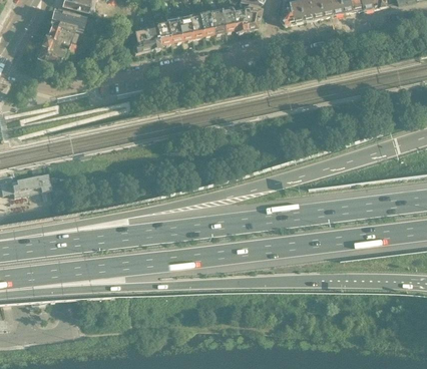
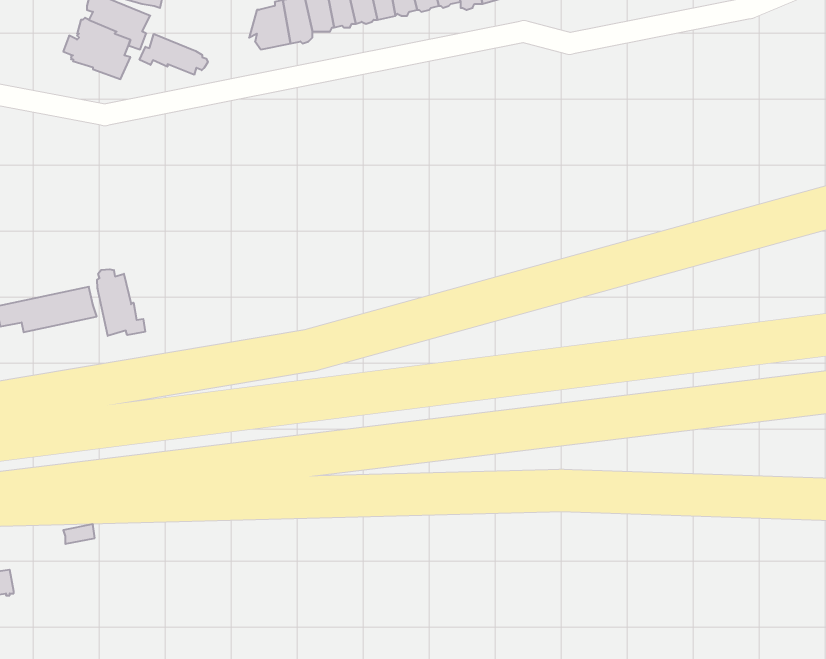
building: none -> [140,34,208,75]
building: none -> [97,269,145,336]

